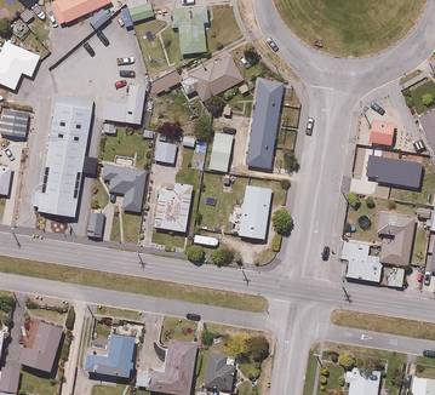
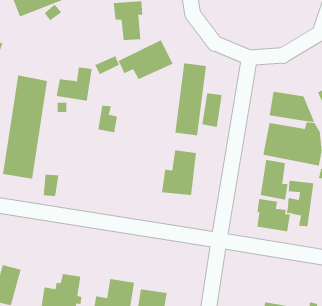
building: [206,131,231,172] -> [201,93,223,127]
building: [102,155,147,211] -> none
building: [154,181,194,231] -> none
building: none -> [260,159,288,201]

